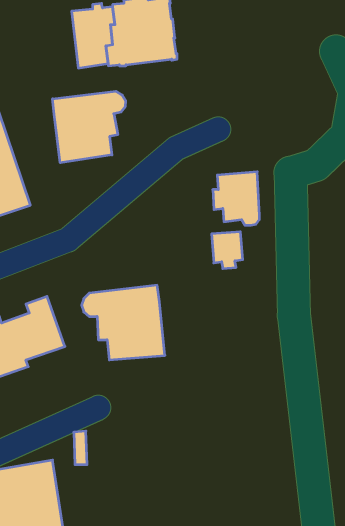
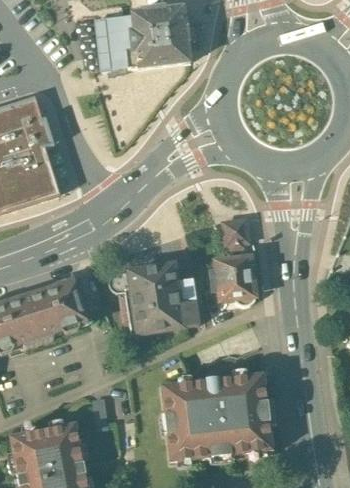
building: [53,91,126,163] -> none
building: [213,172,259,225] -> [211,256,253,304]
building: none -> [175,278,198,327]
building: none -> [160,373,273,460]

